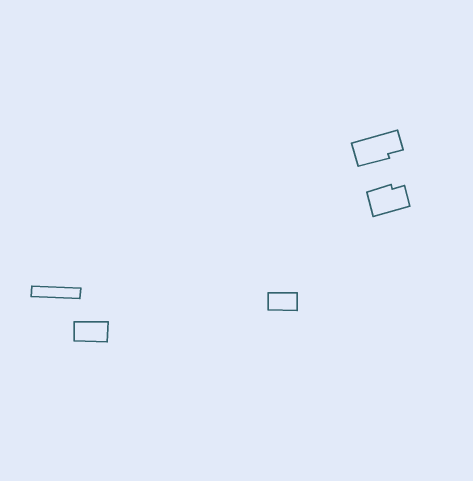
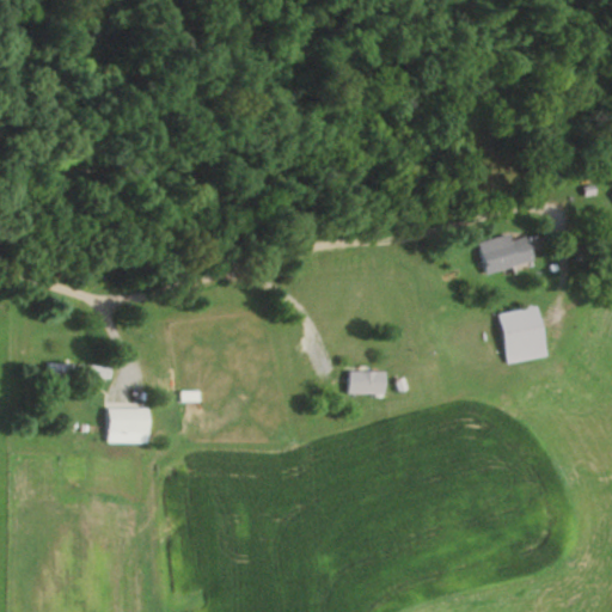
building: [351,130,403,166] -> none
building: none -> [501,306,547,362]

